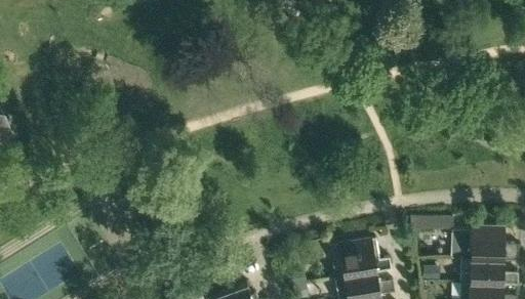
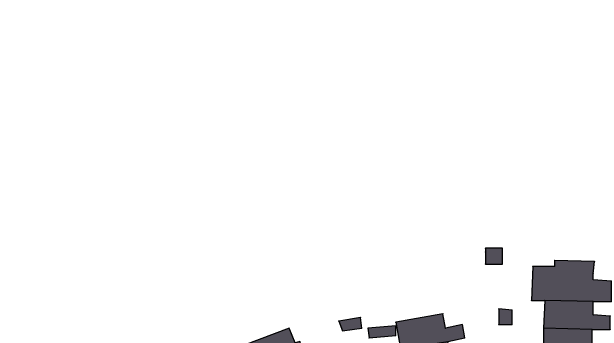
building: [330,241,392,281] -> none

